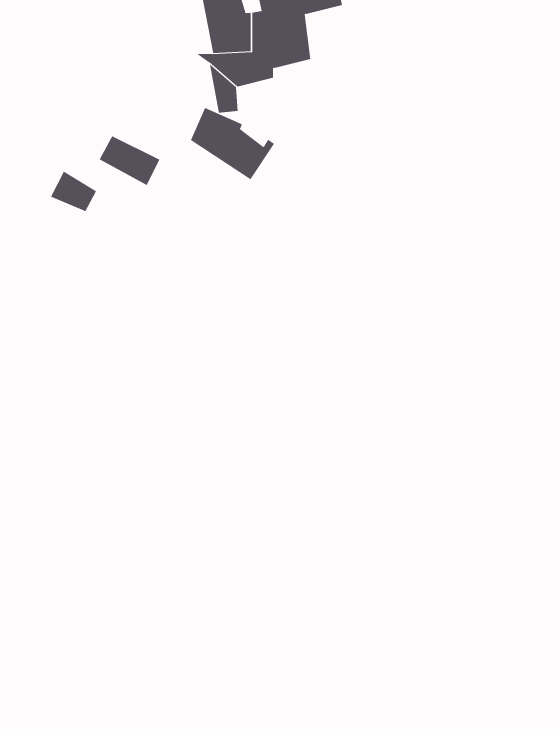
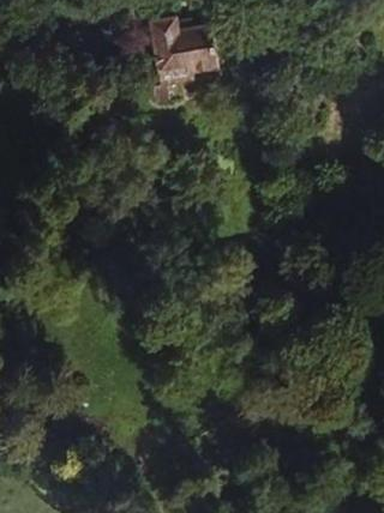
building: [190,107,275,180] -> none

